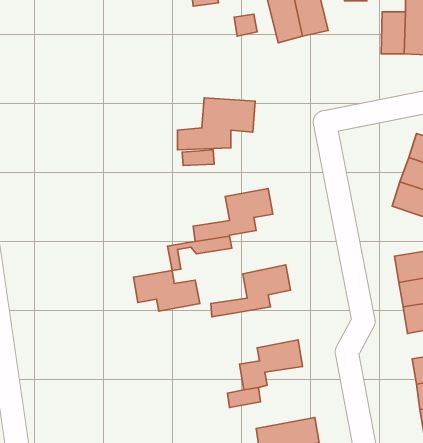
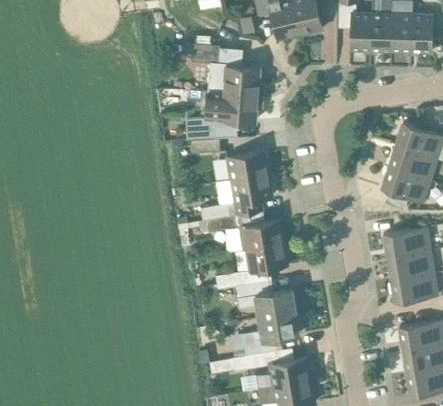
building: none -> [349,12,371,51]
building: none -> [190,43,258,94]
building: none -> [225,150,268,180]
building: none -> [241,219,284,250]
building: [133,270,200,311] -> [235,280,295,317]
building: none -> [254,358,310,390]

